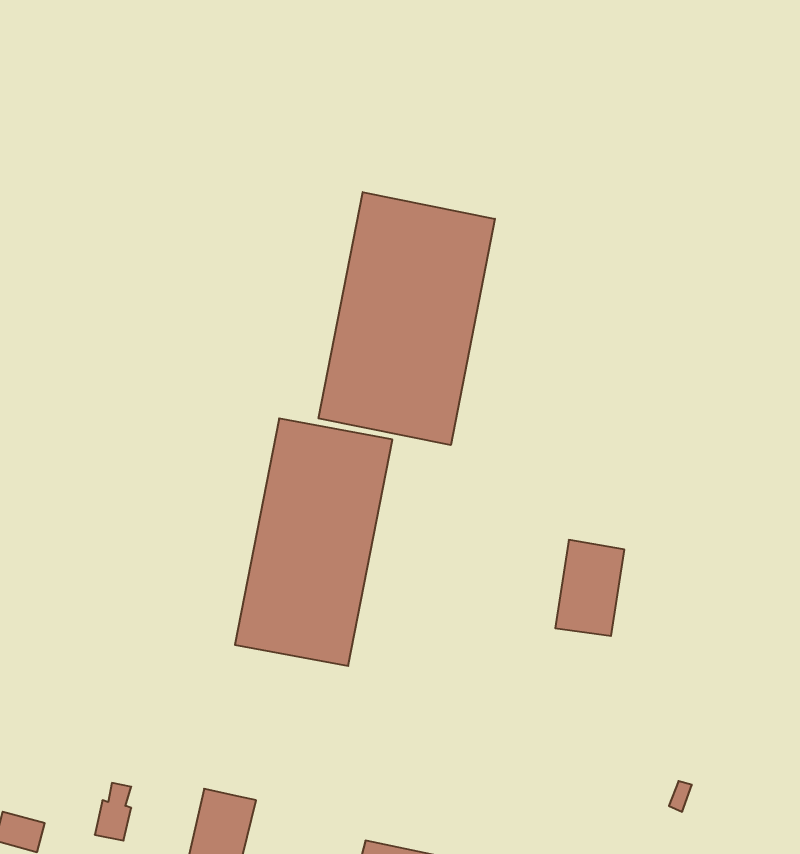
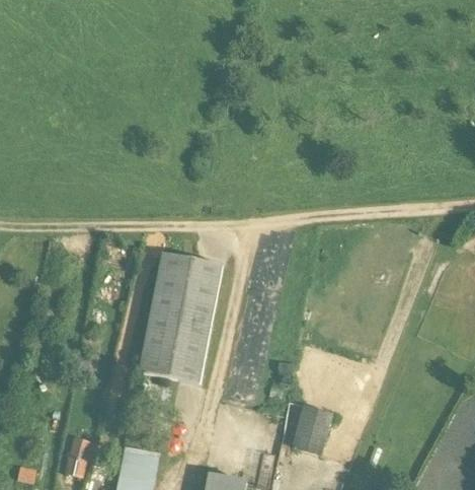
building: [319,192,495,445] -> none
building: [555,540,624,636] -> [296,404,332,454]

